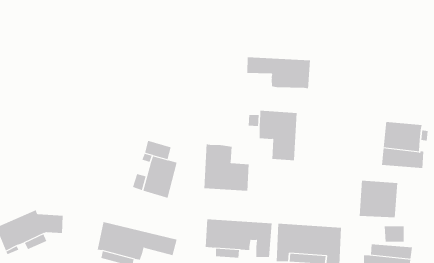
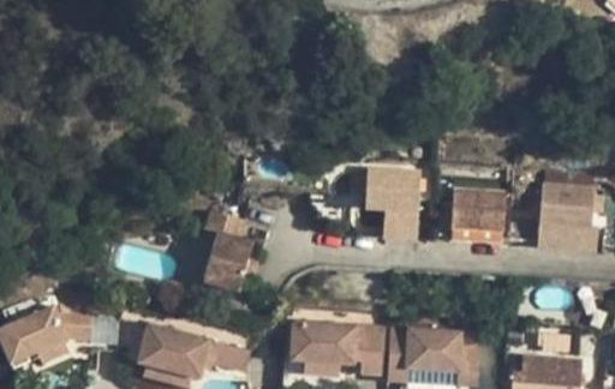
building: [247,56,311,89] -> none
building: [204,144,249,192] -> none
building: [359,180,398,218] -> [450,188,506,241]

